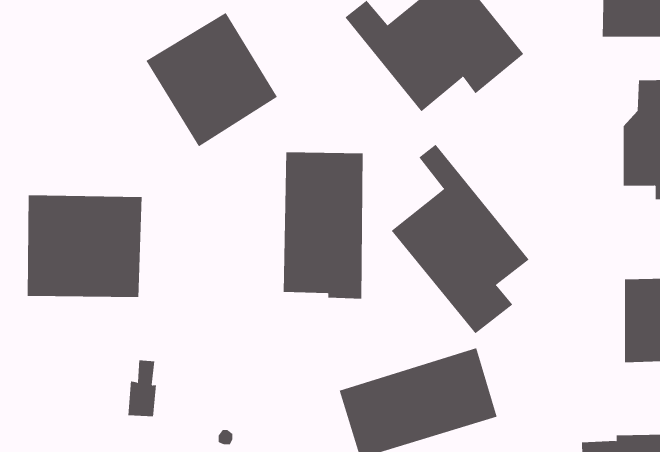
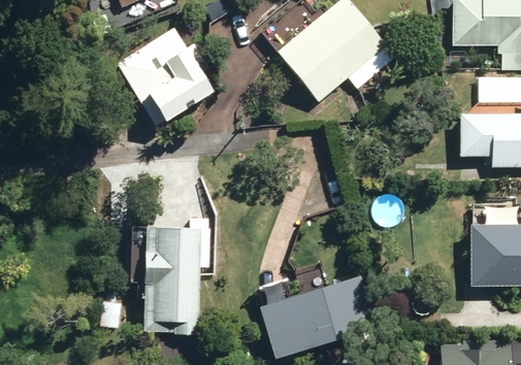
building: [391,144,529,334] -> none
building: [283,152,364,299] -> [141,226,201,335]
building: [27,194,142,298] -> none

